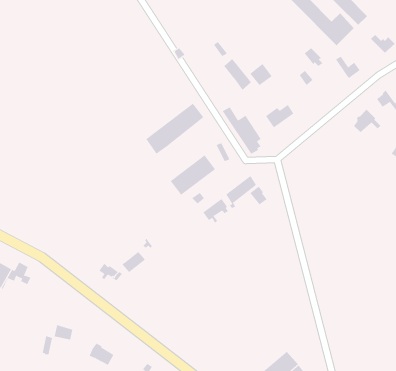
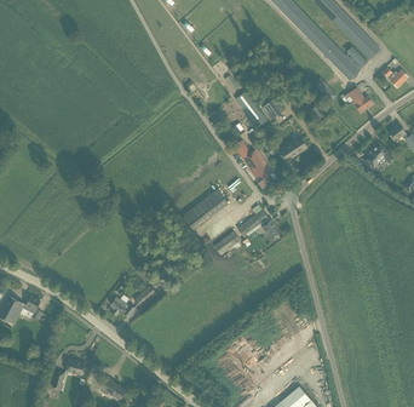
building: [145,103,204,155] -> none

